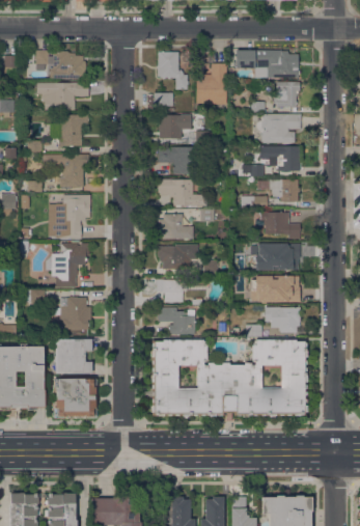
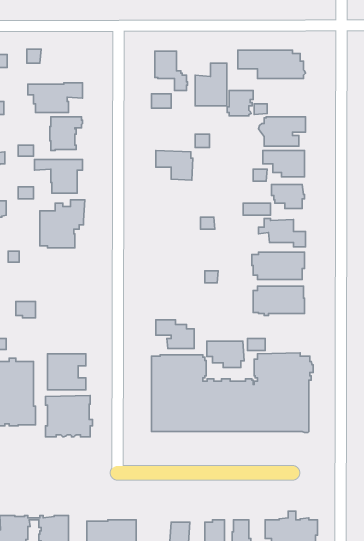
building: [50,51,86,79] -> none
building: [275,82,300,106] -> [227,91,253,116]
building: [159,115,191,138] -> none
building: [159,179,206,206] -> none
building: [158,214,193,239] -> none
building: [52,243,89,287] -> none
building: [158,246,188,269] -> none
building: [157,278,187,302] -> none
building: [60,297,91,330] -> none
building: [265,307,300,332] -> [207,341,244,367]

